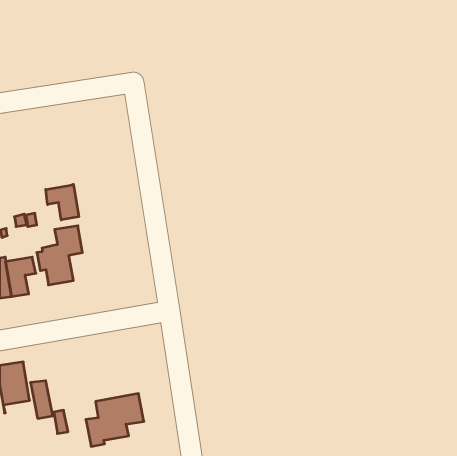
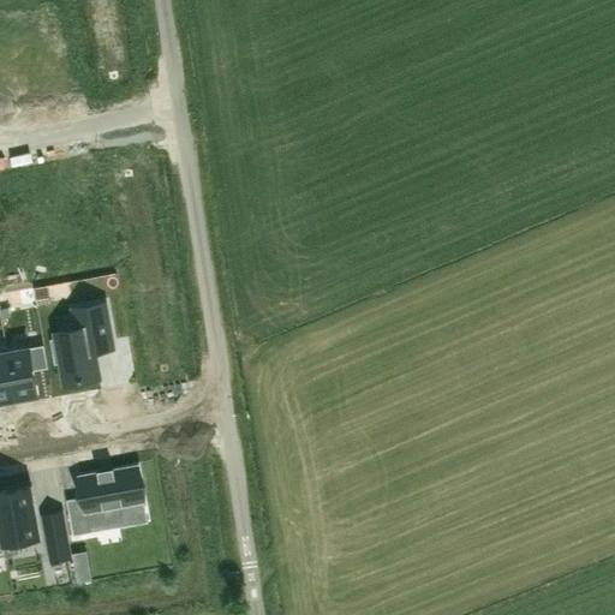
building: [46,184,79,220] -> none
building: [86,394,144,446] -> [66,466,144,537]

